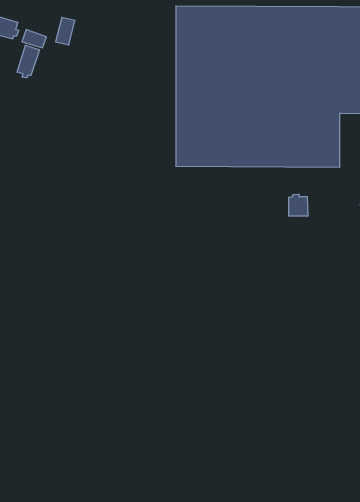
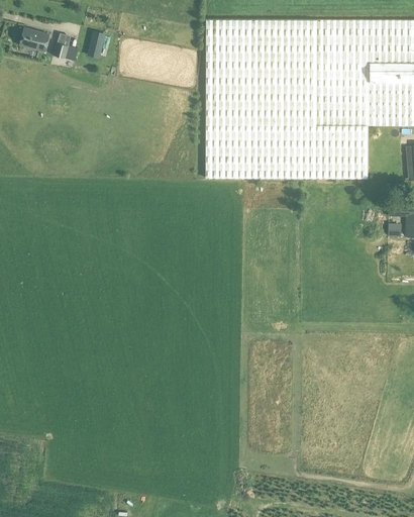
building: [17,45,39,78] -> none
building: [289,194,308,216] -> none

